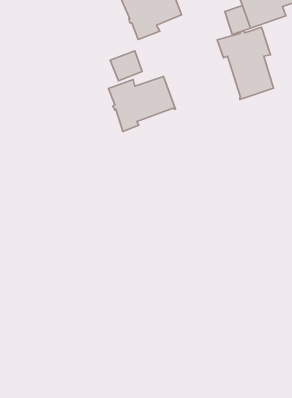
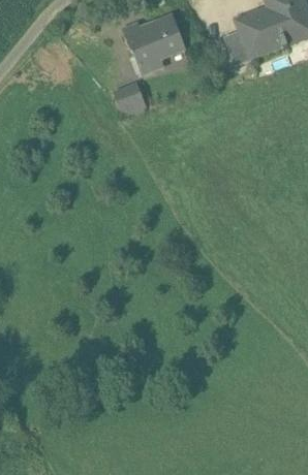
building: [217,27,273,100] -> none
building: [109,76,176,132] -> none

